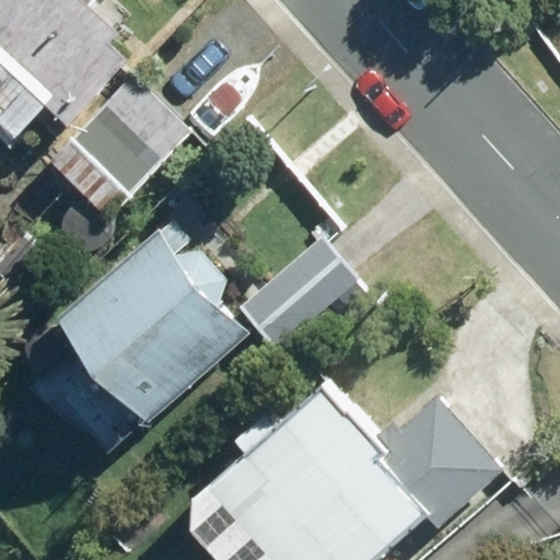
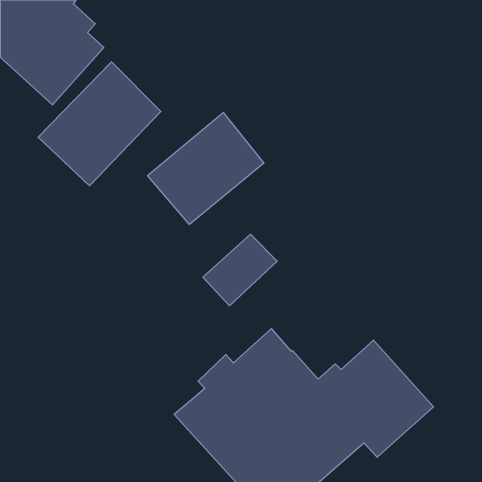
building: none -> [148,113,264,224]
building: [52,231,245,423] -> none

